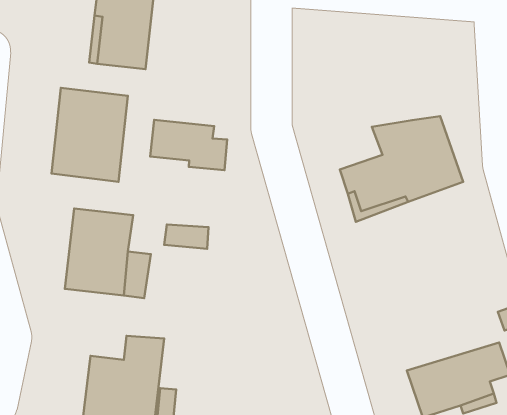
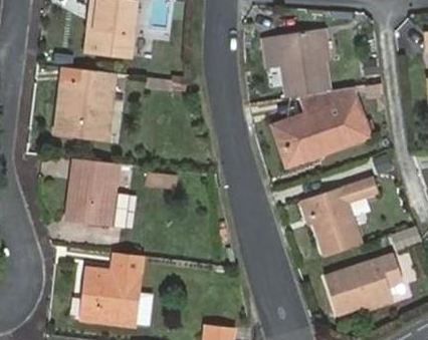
building: none -> [260,30,329,99]
building: [150,120,227,170] -> none
building: none -> [303,178,377,260]

